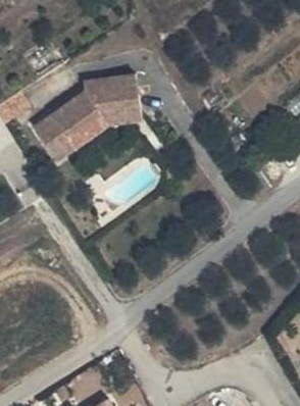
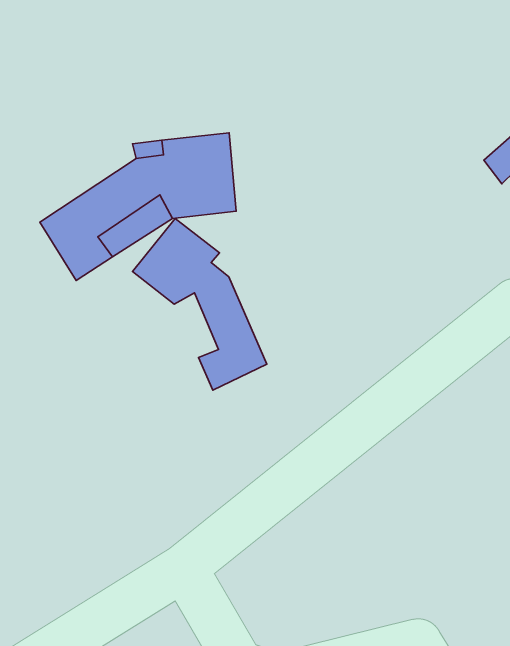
building: none -> [133,218,267,390]

